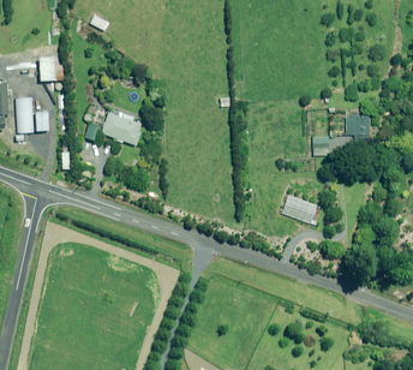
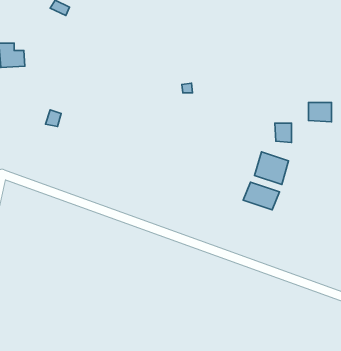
building: [102,111,143,144] -> none
building: none -> [255,152,288,185]

